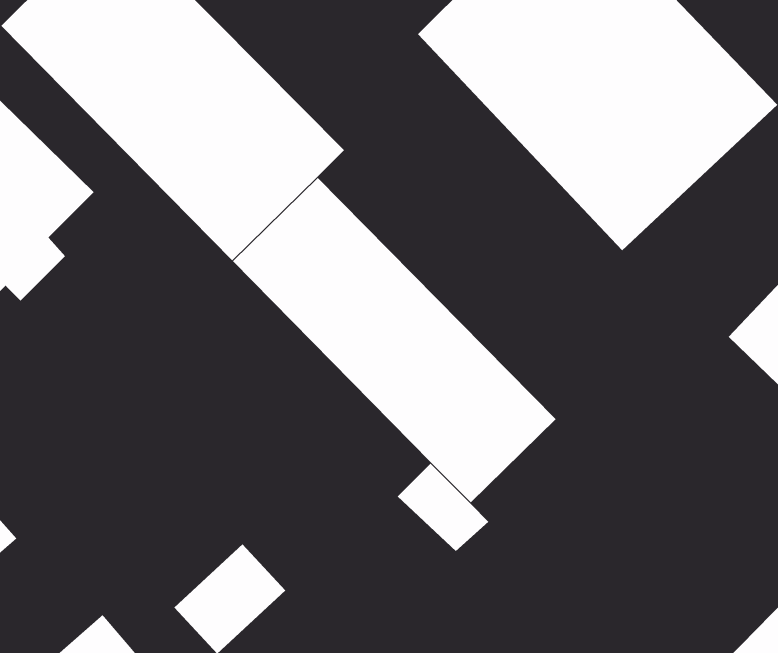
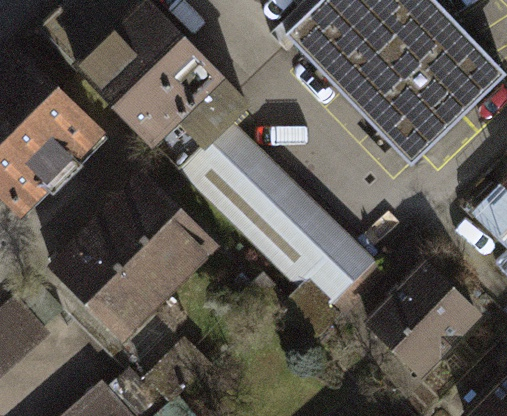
building: none -> [56,178,211,334]
building: none -> [370,265,478,373]

